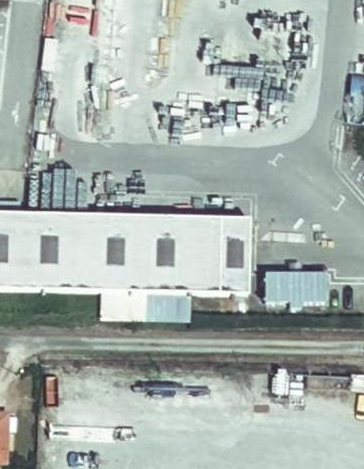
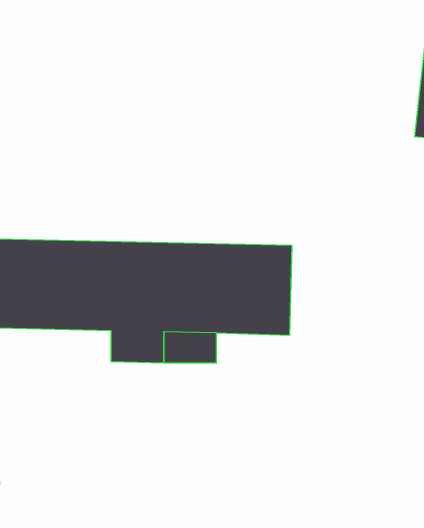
building: [266,266,328,301] -> none

